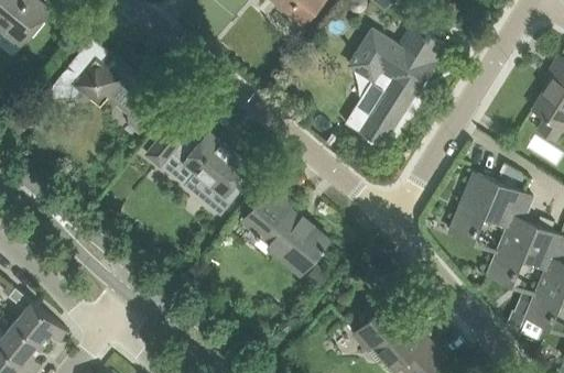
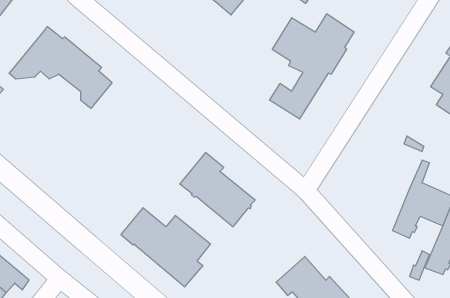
building: [144,125,248,217] -> [121,208,211,287]
building: [448,175,521,242] -> none

